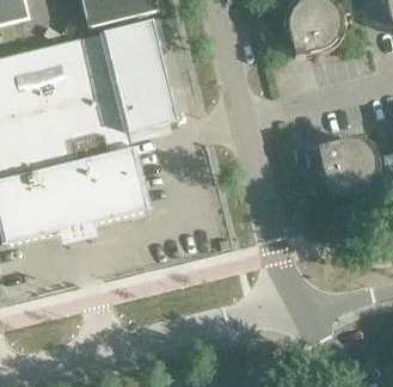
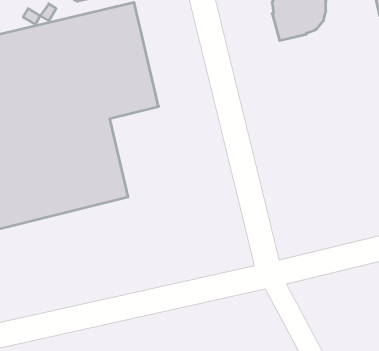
building: [315,140,374,192] -> none

